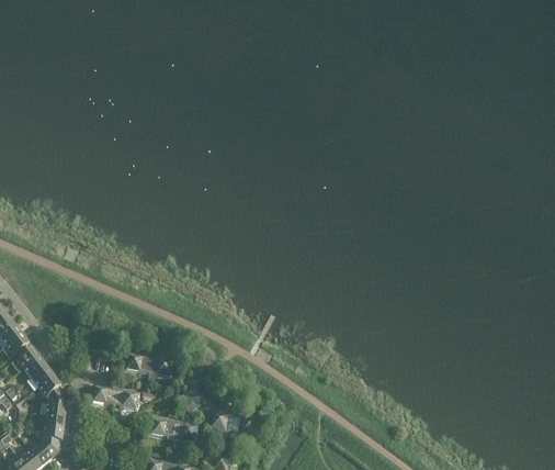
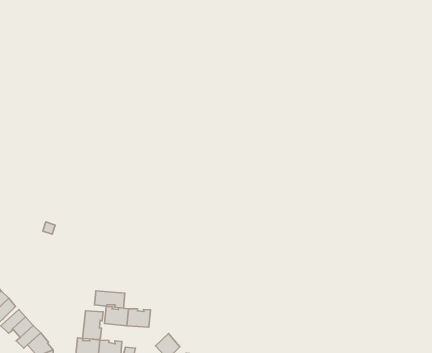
building: none -> [95,291,125,308]
building: none -> [83,311,103,340]

